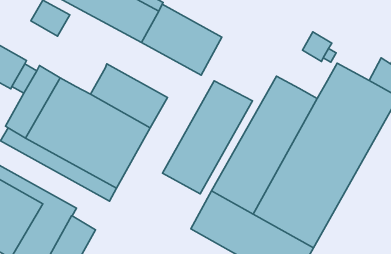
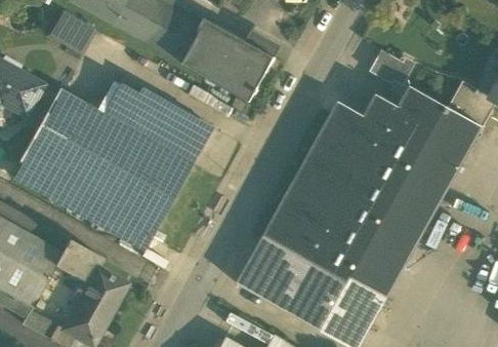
building: none -> [100,82,135,122]
building: none -> [365,93,399,127]
building: [163,81,252,194] -> none

